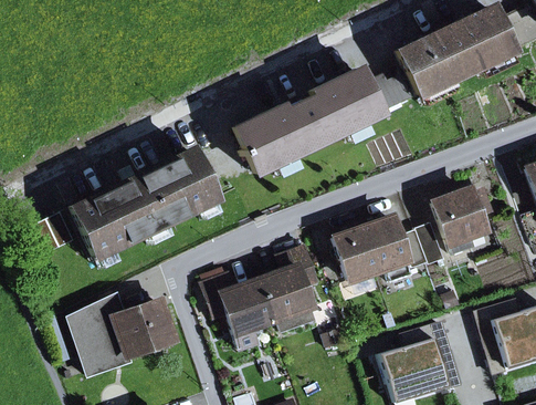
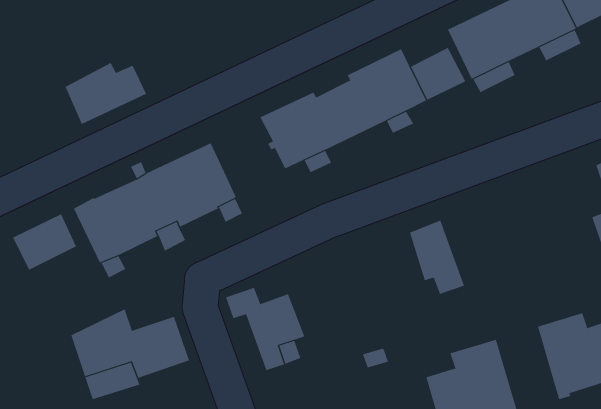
building: none -> [65,62,147,125]
building: [434,190,490,253] -> none
building: [401,222,445,268] -> none
building: [335,228,378,280] -> none
building: [260,249,316,331] -> none

